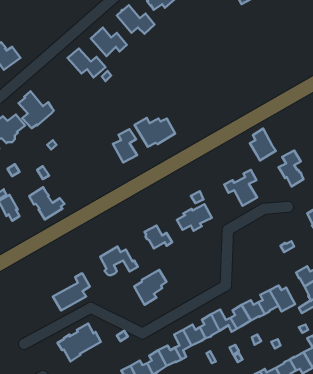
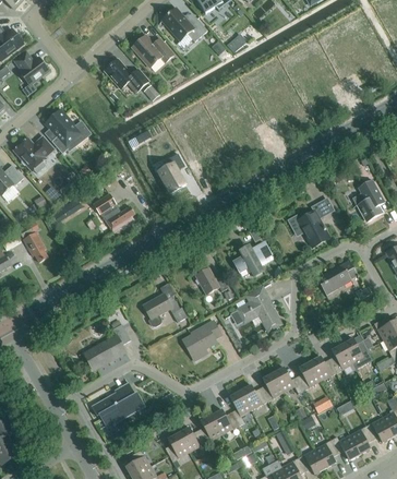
building: [135,118,175,147] -> none
building: [250,129,276,161] -> none
building: [29,187,64,219] -> [93,193,134,231]
building: none -> [320,256,357,297]
building: none -> [229,287,277,328]

